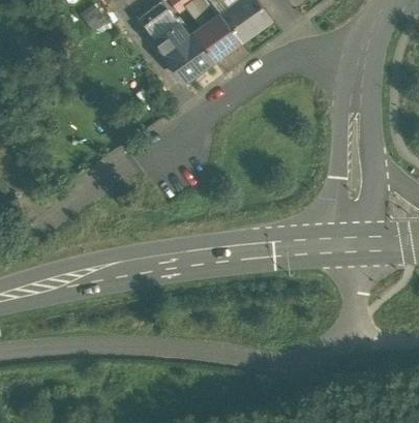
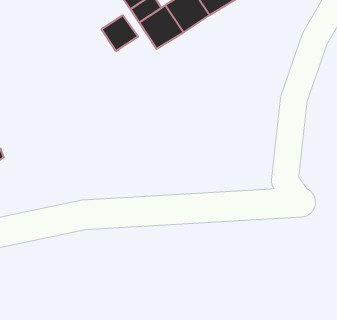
building: none -> [102,15,138,51]

